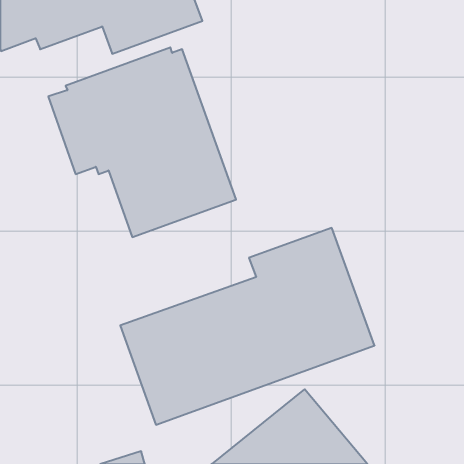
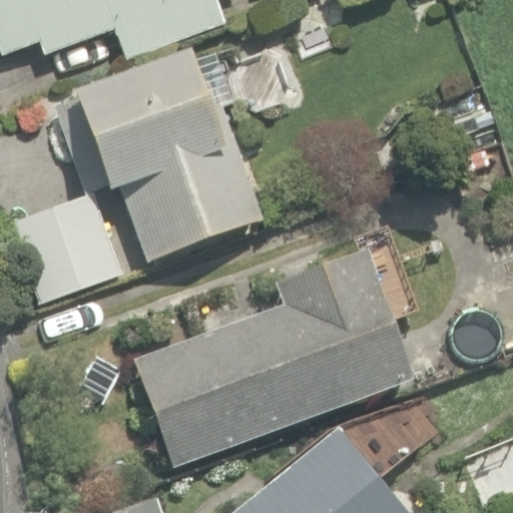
building: none -> [11,193,120,303]

